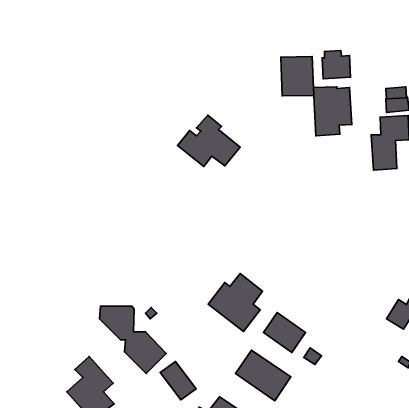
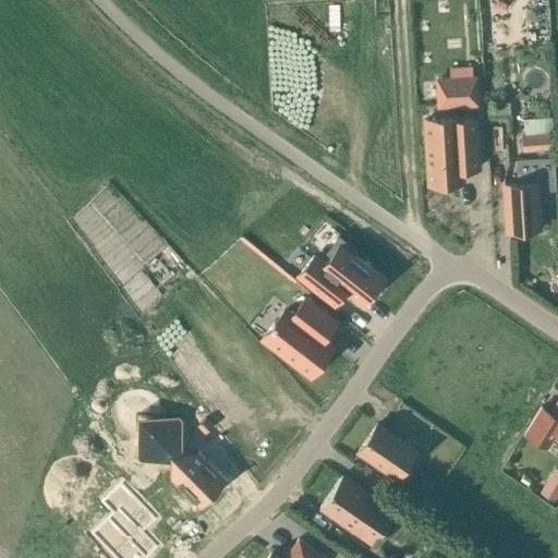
building: [281,56,314,96] -> none
building: [177,115,240,167] -> [300,238,385,307]
building: [208,274,263,331] -> [264,301,338,379]
building: [160,361,196,400] -> none

